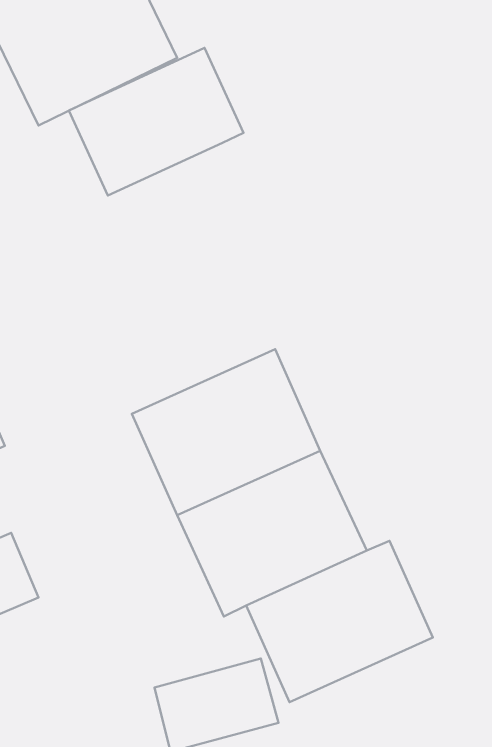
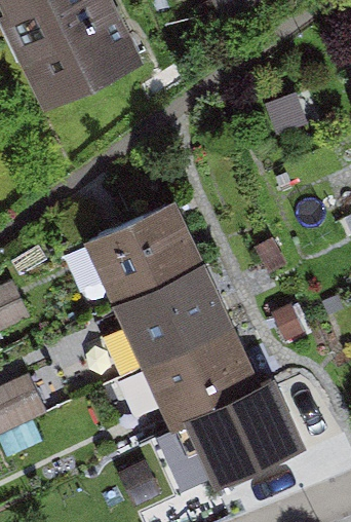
building: [69,48,244,195] -> none
building: none -> [78,191,199,297]

